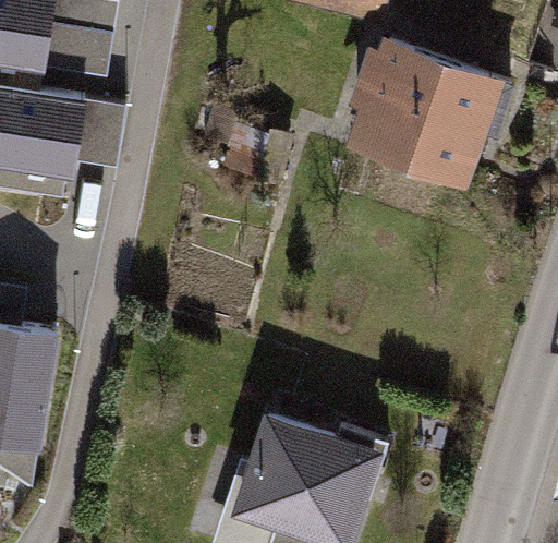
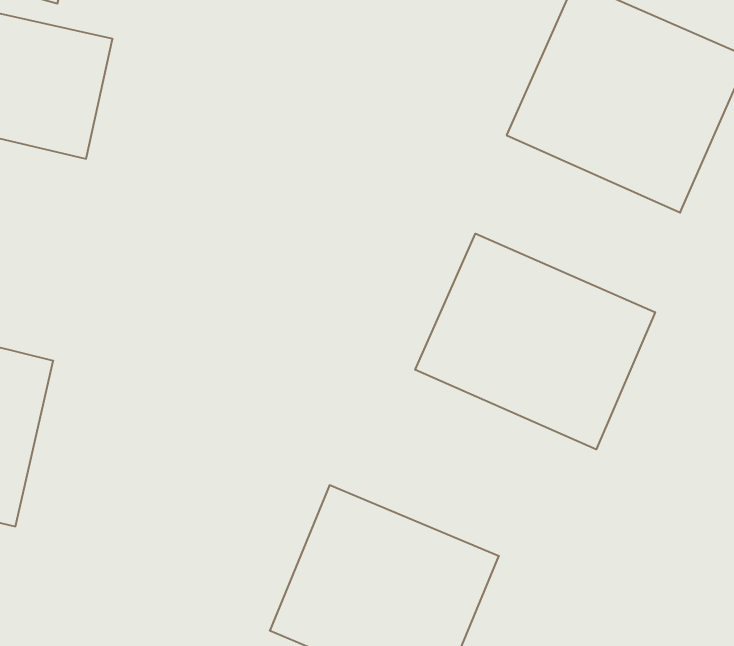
building: none -> [415,234,655,449]

